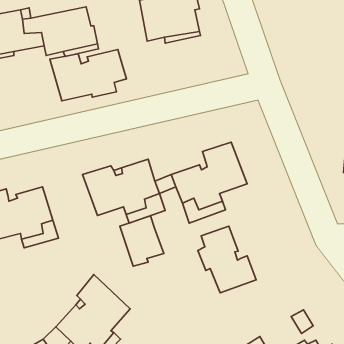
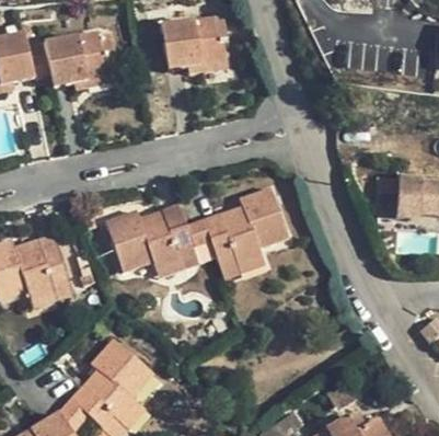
building: [50,49,127,101] -> none
building: [120,216,164,266] -> none
building: [198,226,256,293] -> none

